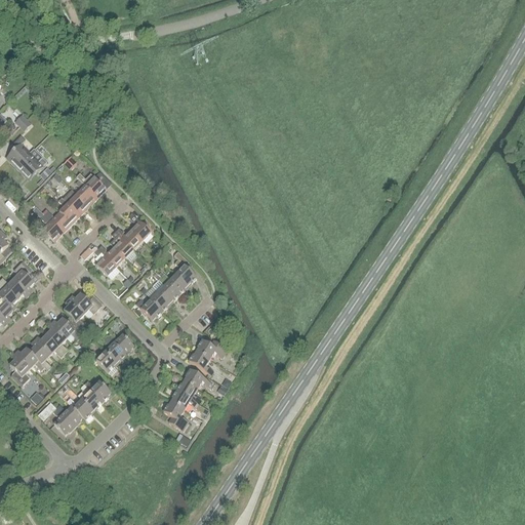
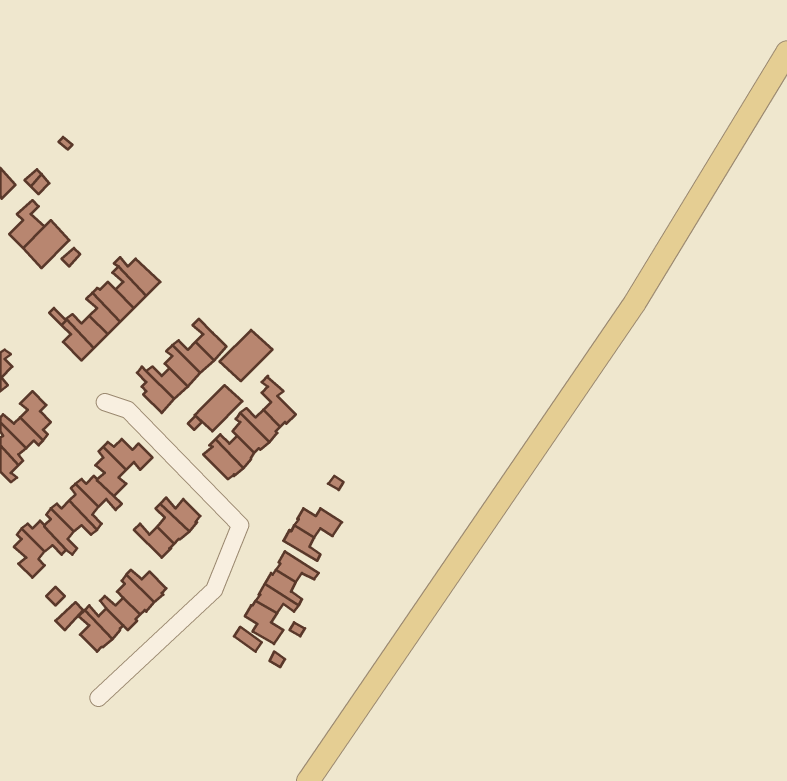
building: none -> [220,330,272,381]
building: none -> [195,385,242,431]

